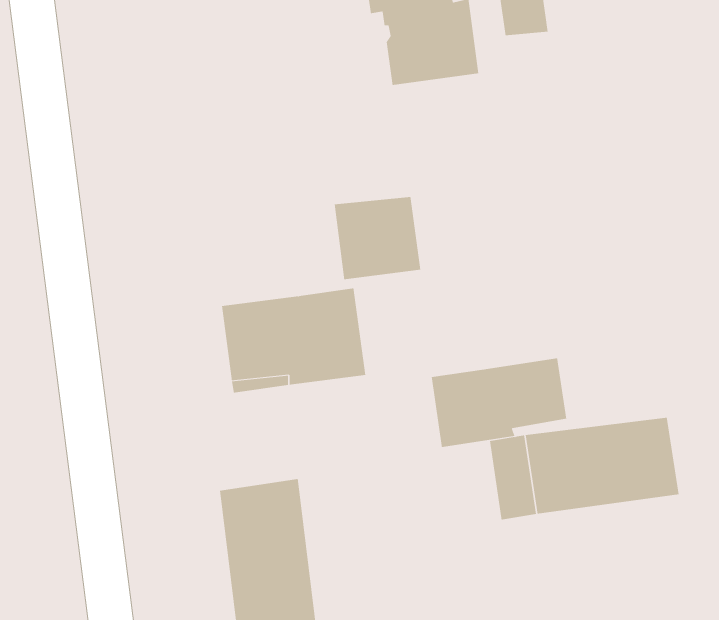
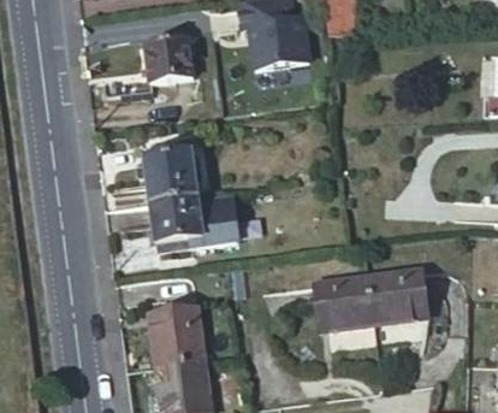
building: none -> [146,36,194,82]
building: [334,196,421,280] -> [146,152,198,202]
building: [431,357,567,448] -> none

